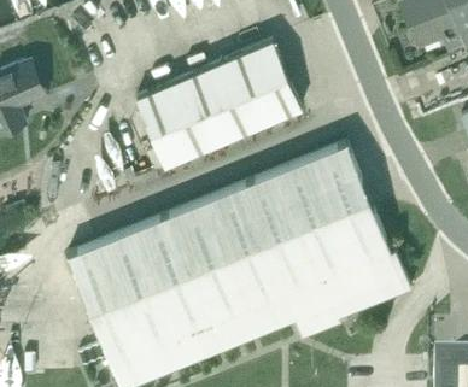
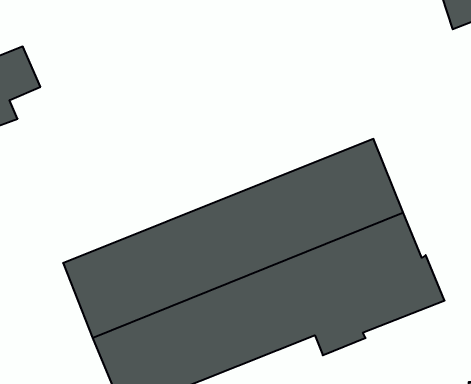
building: [136,40,302,166] -> none

